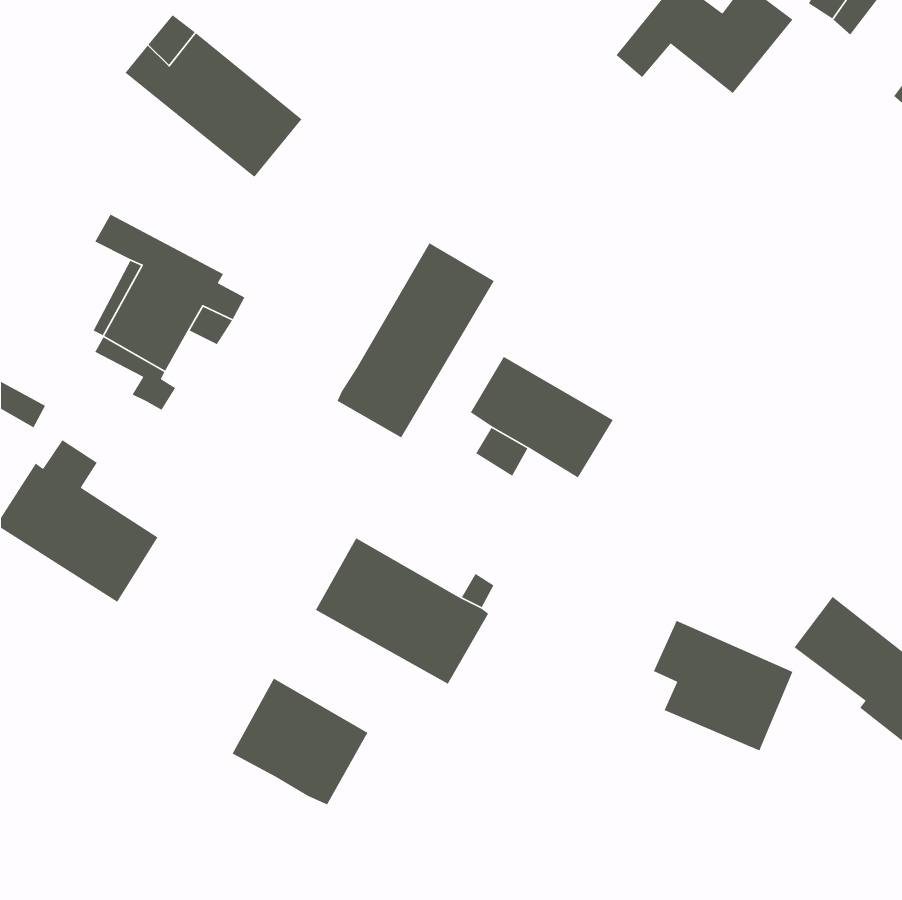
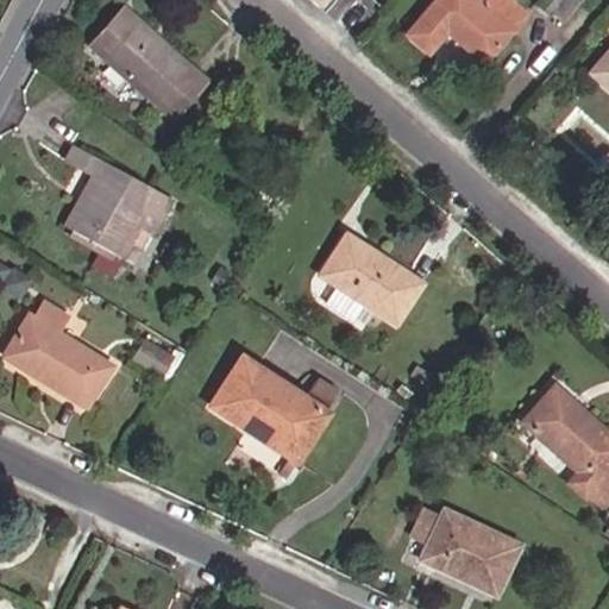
building: [336,242,495,438] -> none
building: [653,620,794,751] -> [415,504,509,592]
building: [231,678,369,806] -> none

